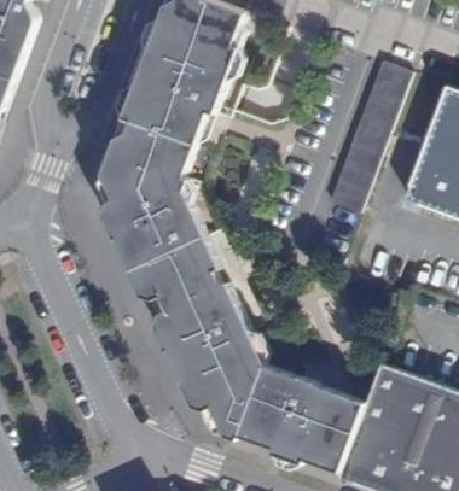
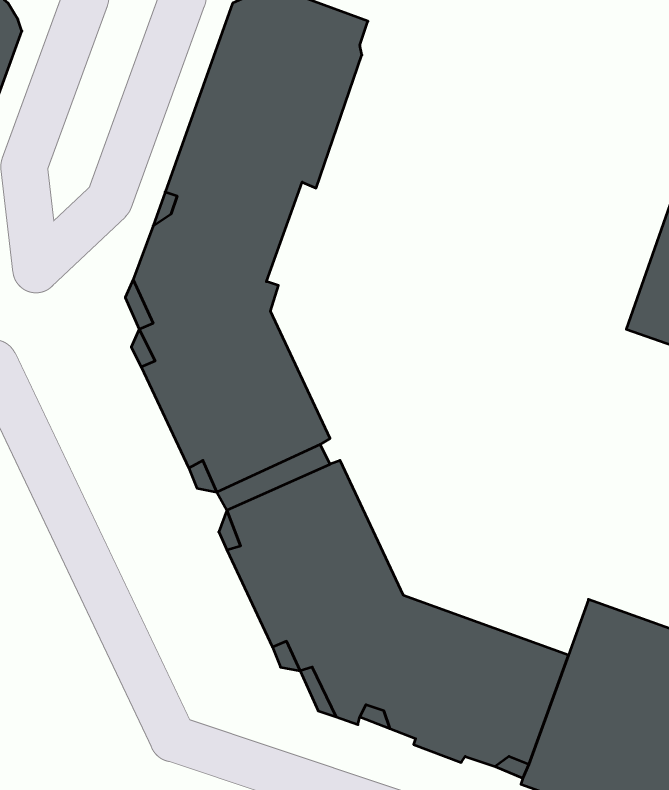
building: [329,63,411,216] -> none

